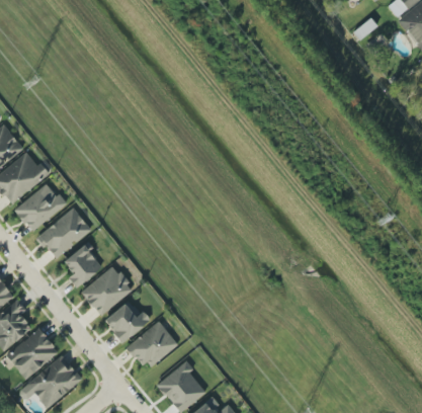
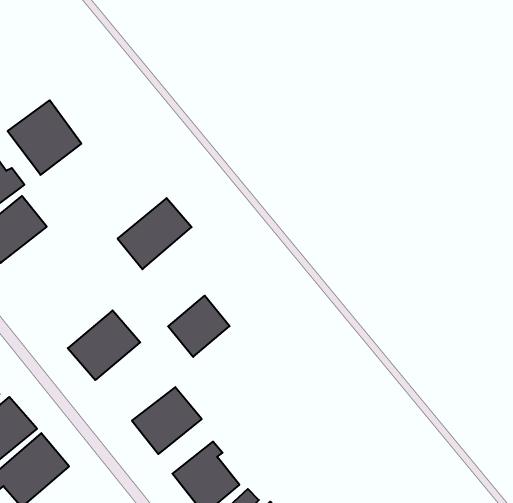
building: none -> [8,100,81,175]
building: [37,208,91,259] -> [118,198,192,269]
building: [64,242,102,286] -> none
building: [104,299,149,343] -> [168,296,230,357]

